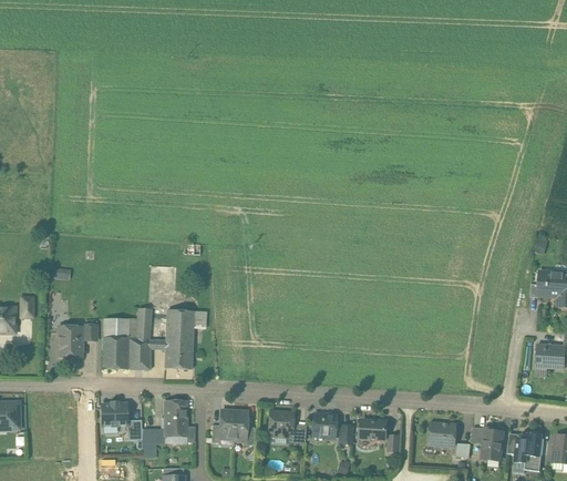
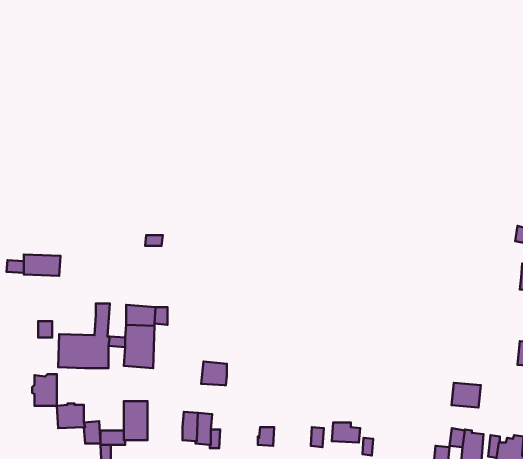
building: [103,318,137,338] -> [24,255,60,276]
building: [56,327,80,357] -> [32,374,57,406]
building: [268,411,292,433] -> [201,362,227,385]
building: [312,415,336,437] -> none
building: [429,422,456,446] -> [451,383,481,408]

